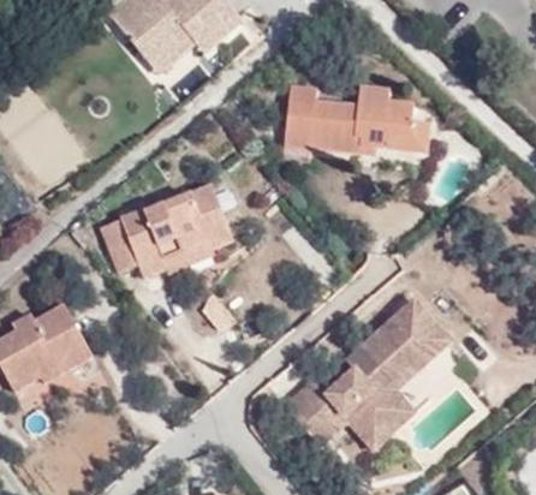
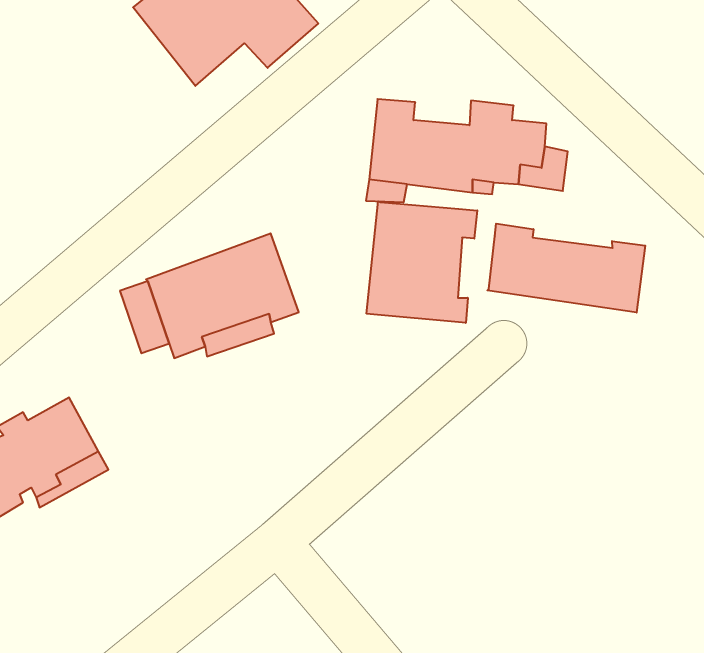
building: none -> [367,201,477,323]
building: none -> [487,224,645,313]
building: [282,300,451,451] -> none

